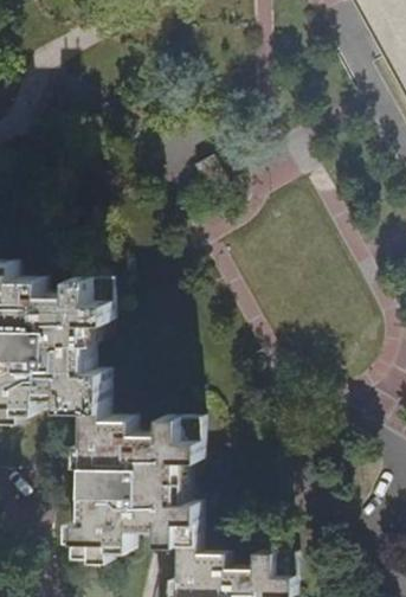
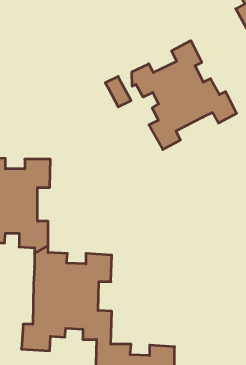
building: none -> [132,41,237,150]

